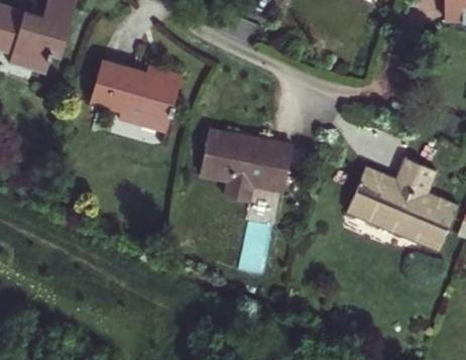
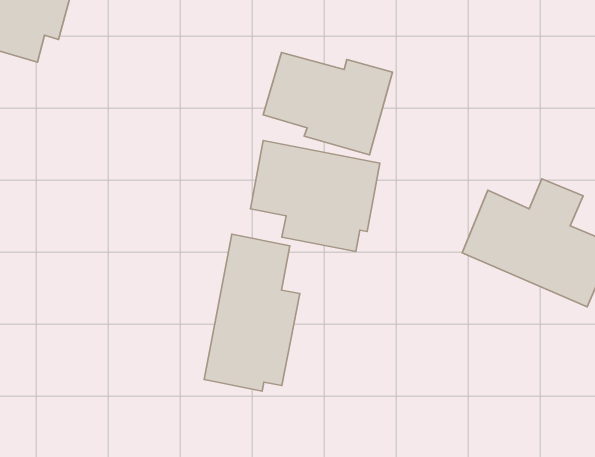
building: [90,59,182,132] -> [263,52,392,155]
building: none -> [204,234,300,391]

